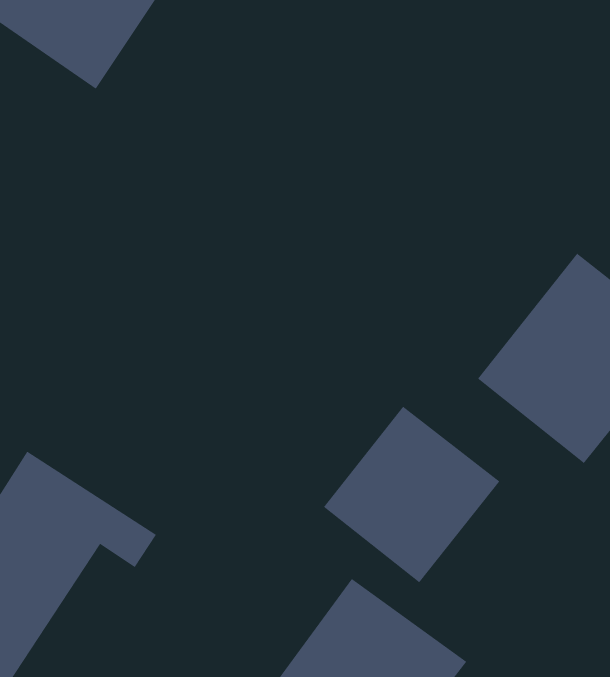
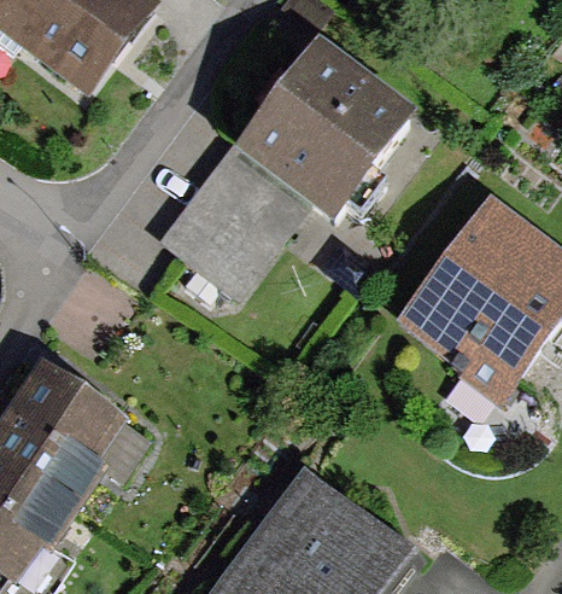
building: none -> [172,63,396,289]
building: [323,406,500,583] -> none

